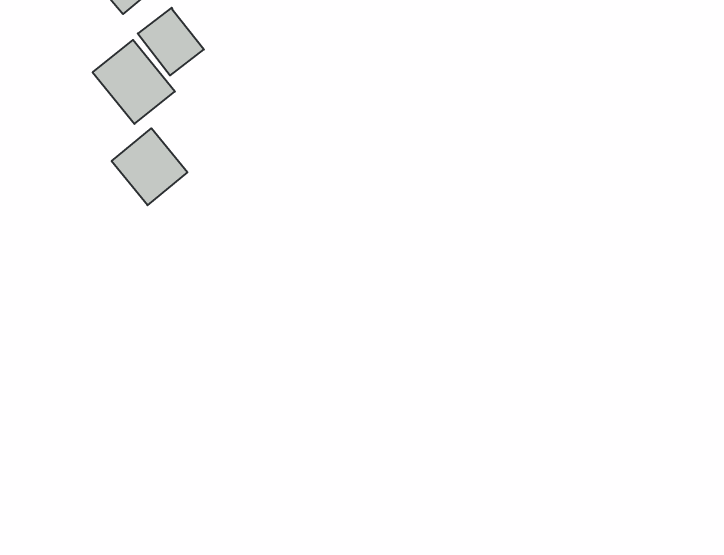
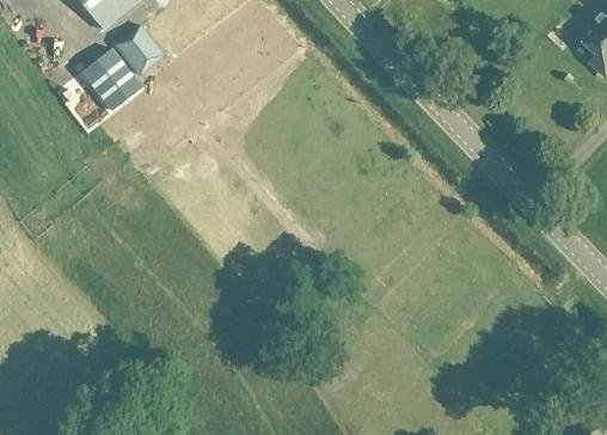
building: [112,128,187,205] -> none

